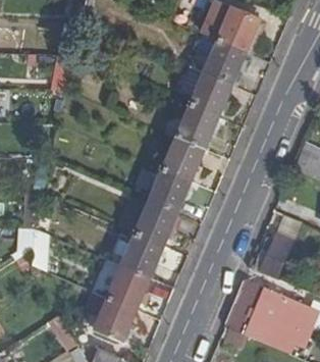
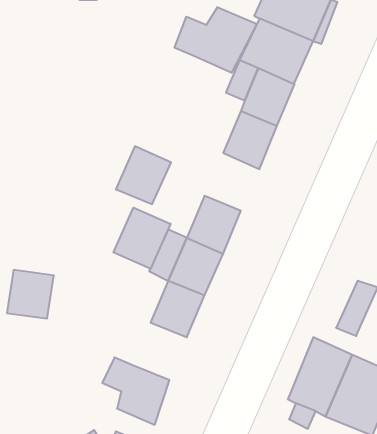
building: none -> [175,7,257,73]
building: [162,138,204,182] -> [116,146,171,204]
building: none -> [114,208,171,269]
building: [108,266,149,310] -> none

